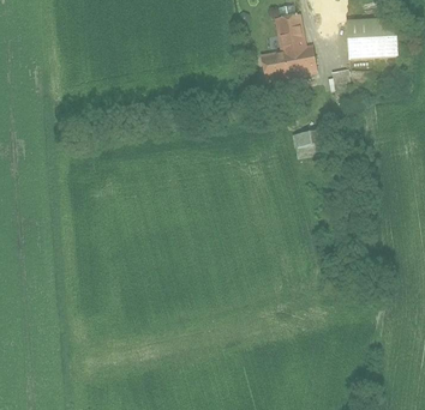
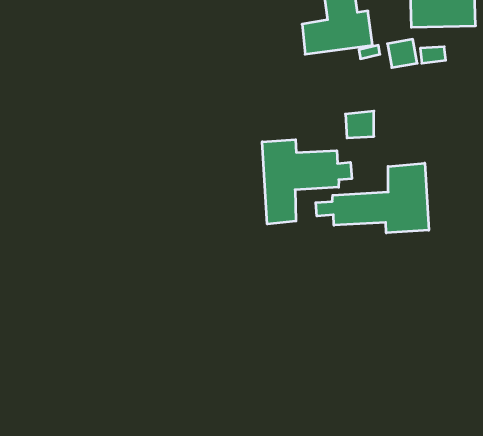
building: none -> [262,140,352,224]
building: none -> [316,163,429,233]

